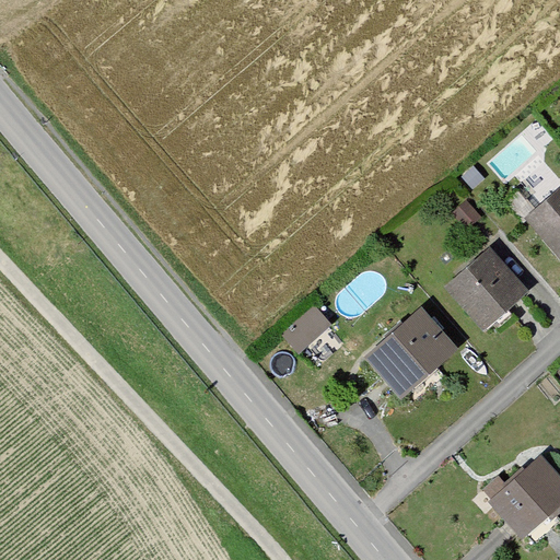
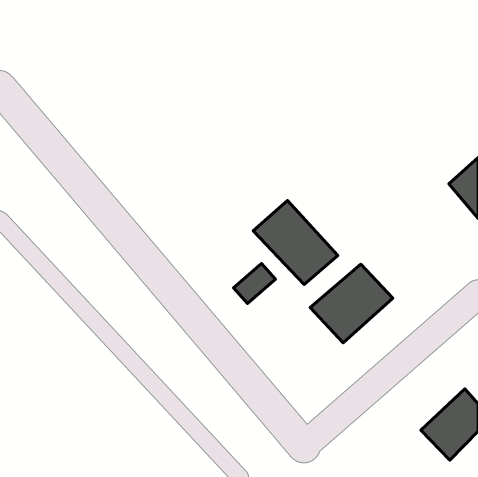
building: none -> [253,200,338,284]
building: [447,244,532,329] -> none

